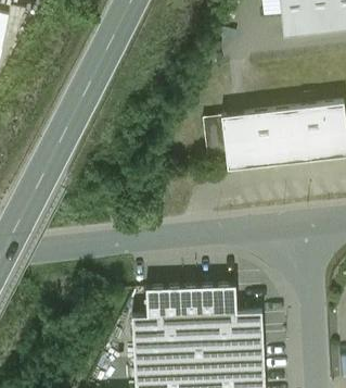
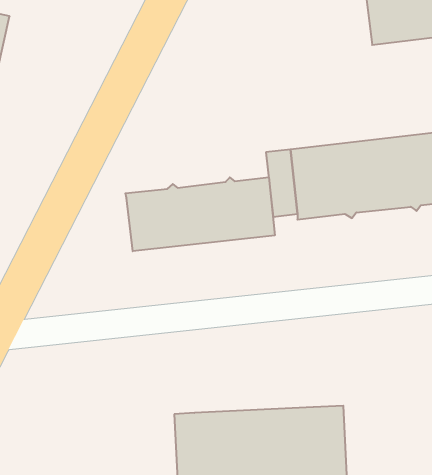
building: none -> [125,177,275,251]
building: [148,285,240,316] -> none

